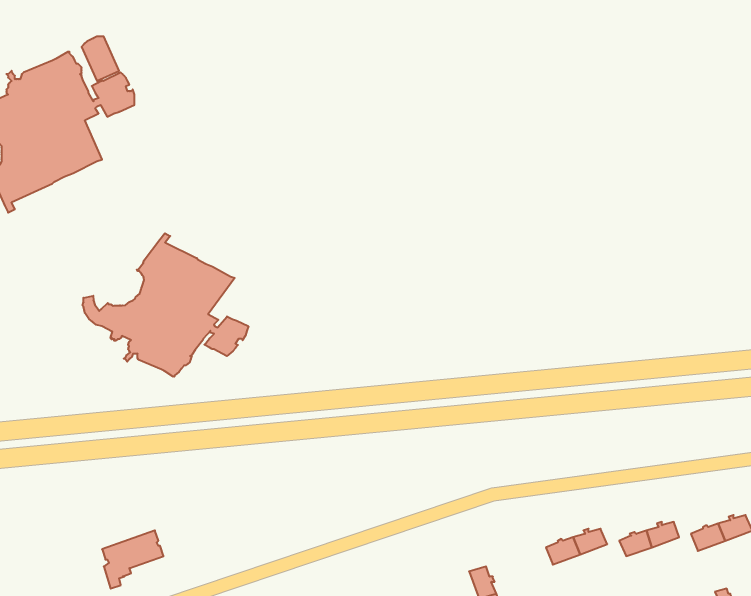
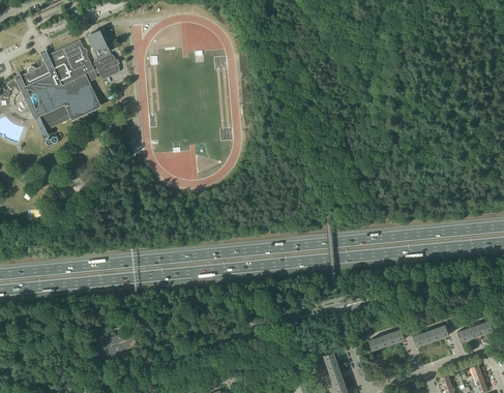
building: [83,233,248,377] -> none

